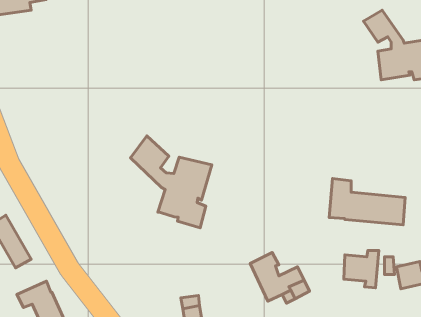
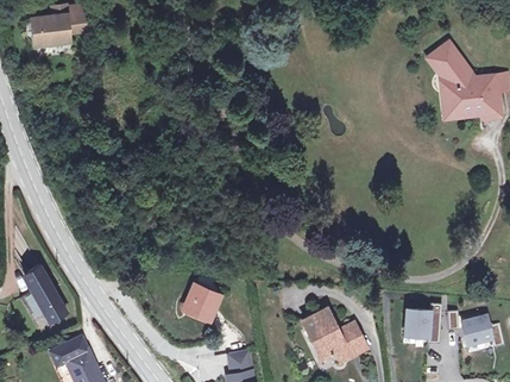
building: [130,136,212,228] -> none
building: [329,178,405,225] -> none
building: none -> [185,287,218,318]

